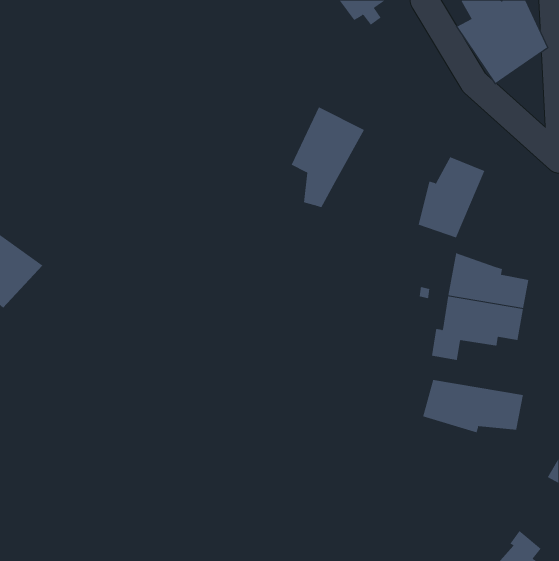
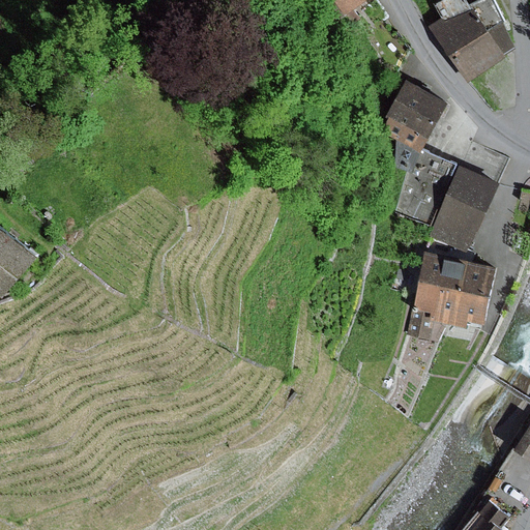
building: [291,107,365,208] -> [380,79,449,174]
building: none -> [428,166,498,253]
building: [422,379,523,433] -> none

